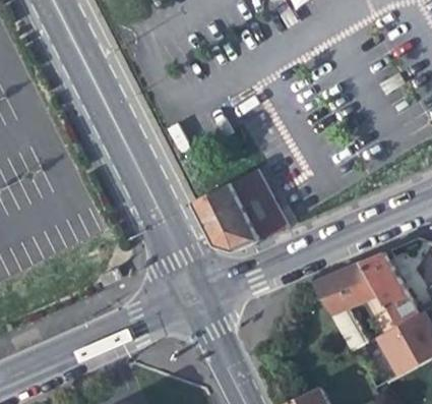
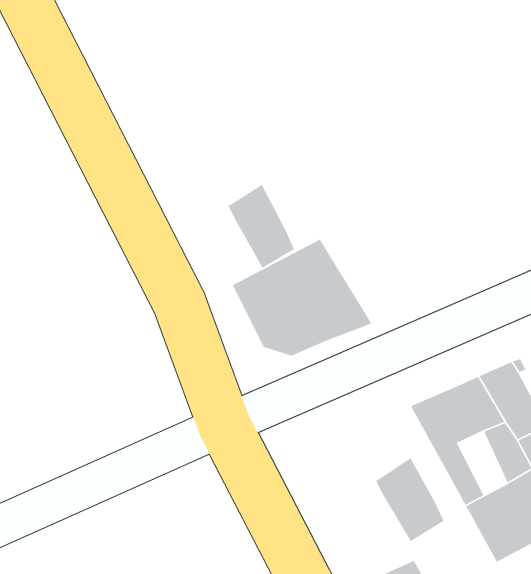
building: none -> [227,184,295,269]
building: none -> [375,457,444,542]

